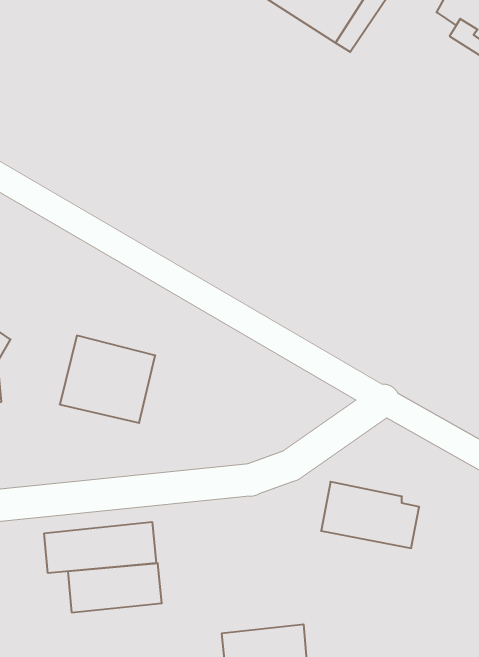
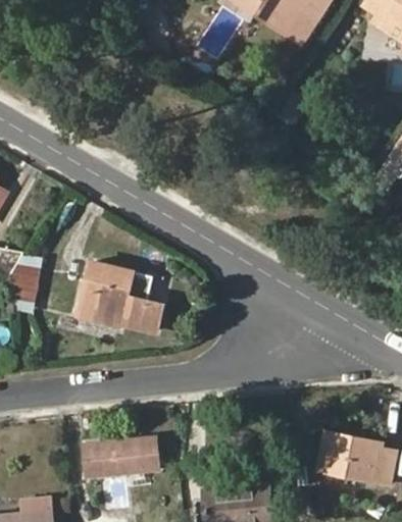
building: [321,482,419,548] -> [319,432,395,483]
building: [44,522,156,573] -> none

